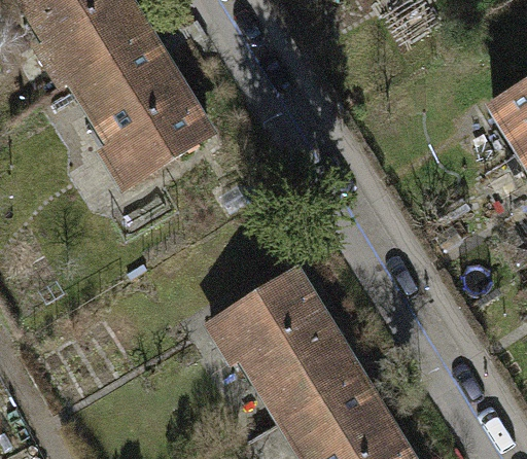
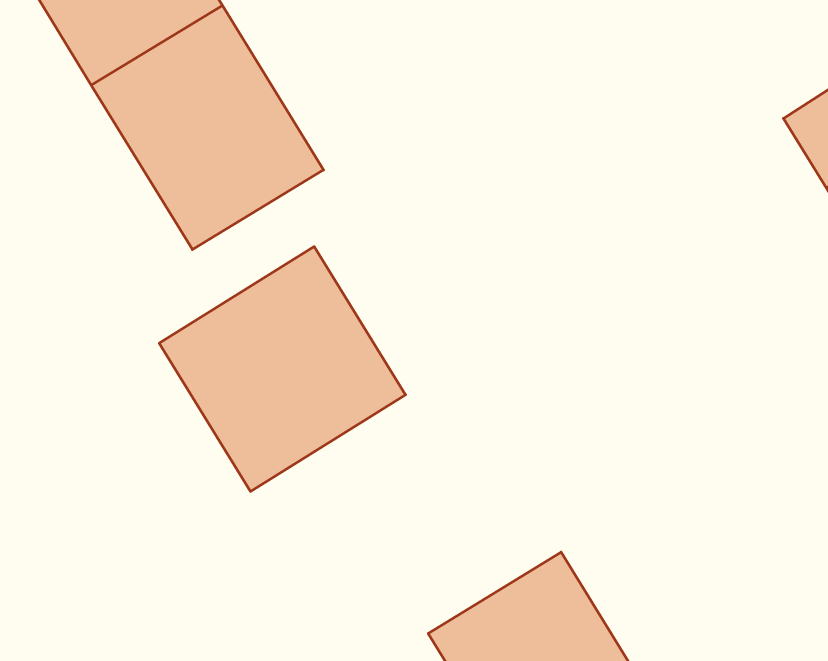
building: none -> [159,247,406,491]
building: [213,271,358,423] -> none

